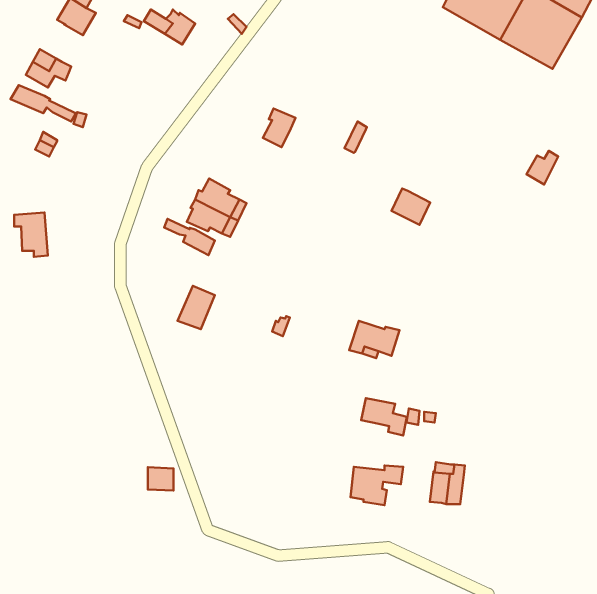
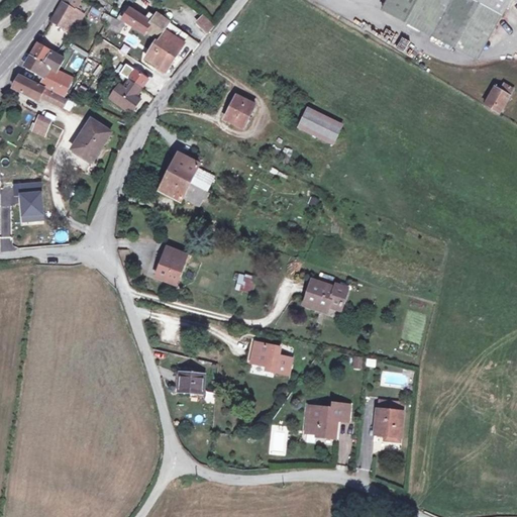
building: none -> [147,20,189,72]
building: none -> [38,66,72,97]
building: none -> [108,68,147,110]
building: none -> [71,118,109,162]
building: [527,151,558,185] -> [485,83,512,112]
building: [392,189,430,225] -> [307,112,340,143]
building: [164,219,215,255] -> none
building: [361,398,407,435] -> [249,341,289,374]
building: [148,467,173,491] -> [178,372,200,392]

